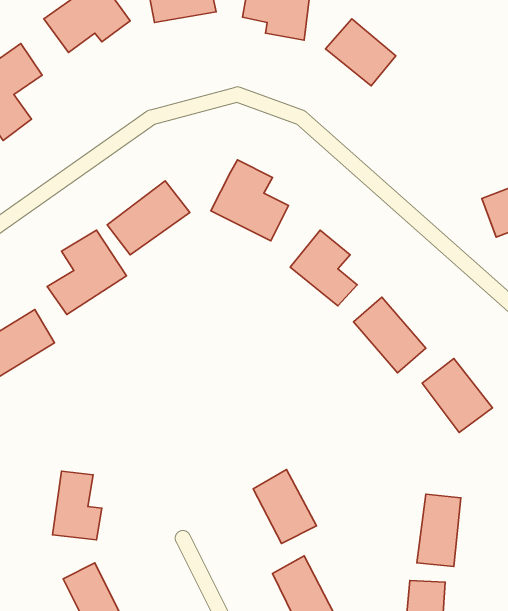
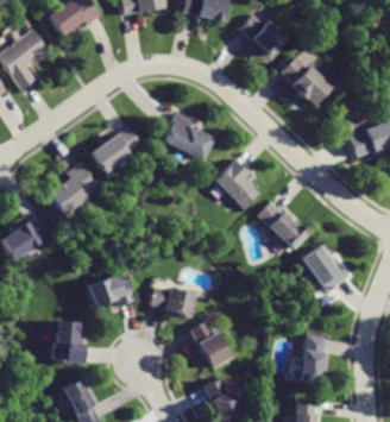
building: none -> [284,56,329,107]
building: none -> [84,271,139,314]
building: none -> [152,283,196,316]

